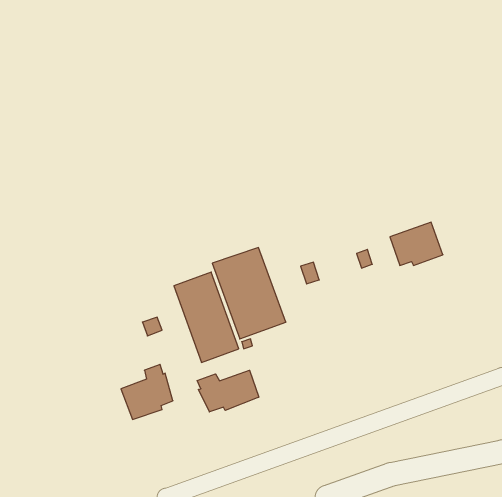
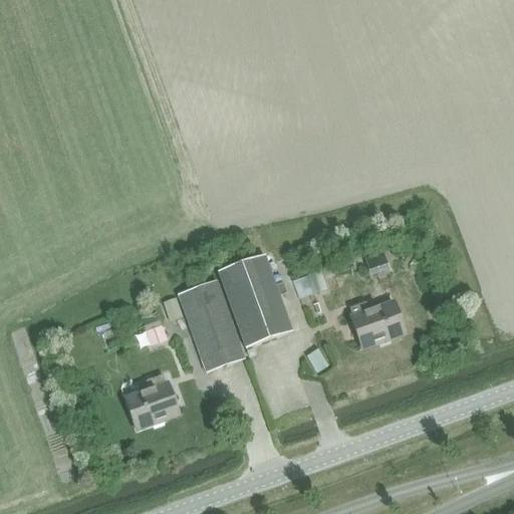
building: [390,222,443,265] -> [350,299,405,343]
building: [197,370,259,412] -> none

